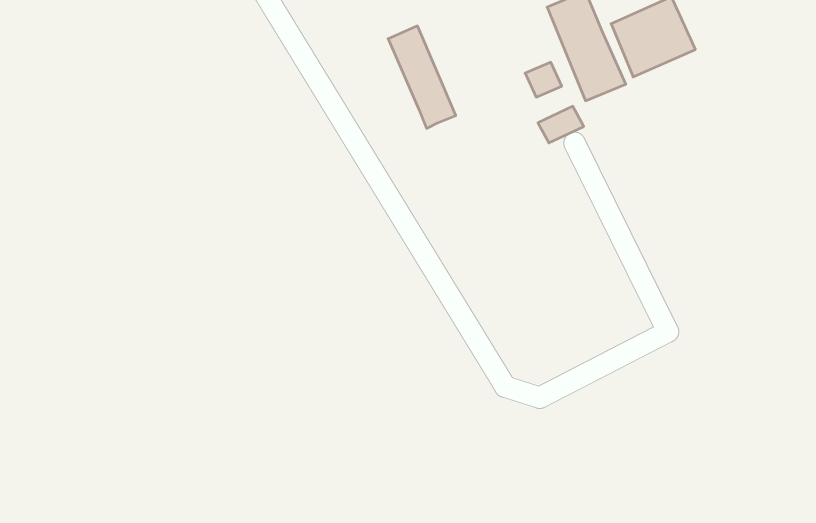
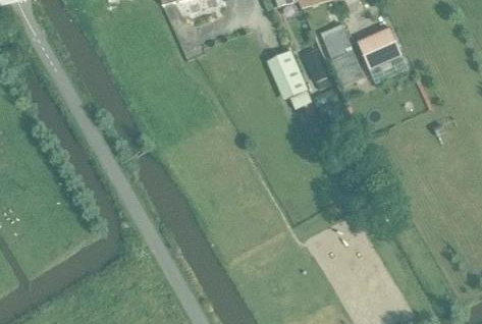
building: [388,26,456,128] -> [273,52,311,109]

